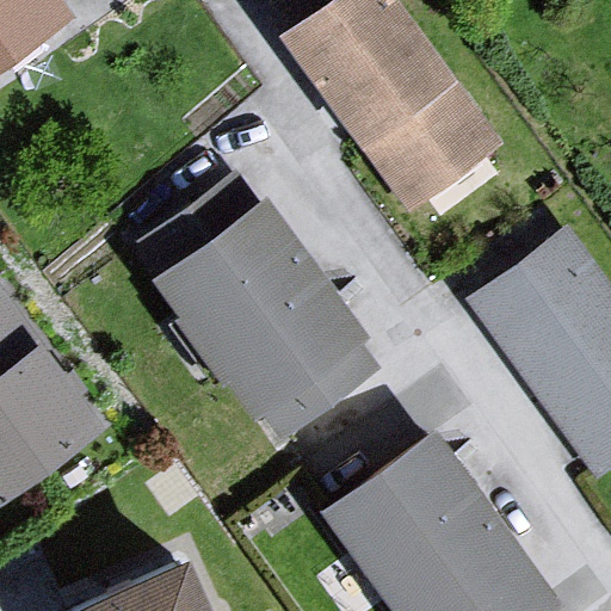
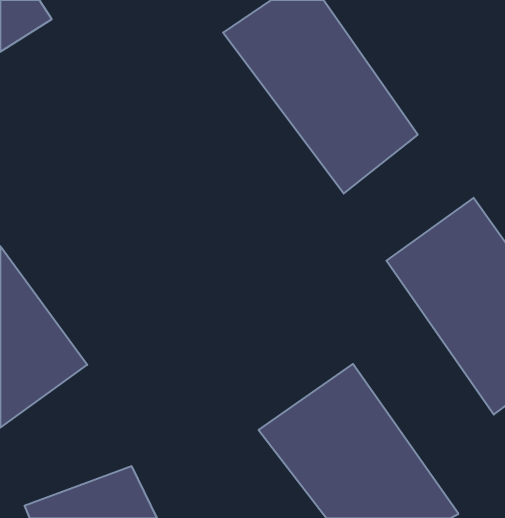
building: [148,198,387,444] -> none

